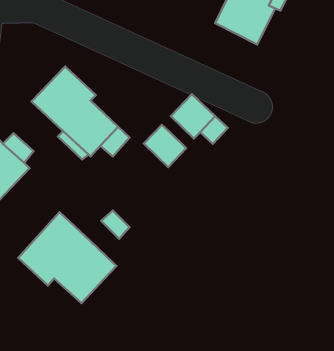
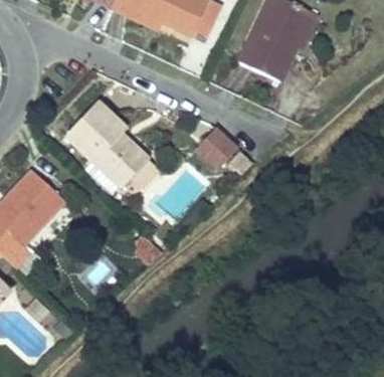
building: [144,125,186,167] -> none
building: [18,212,116,303] -> none

